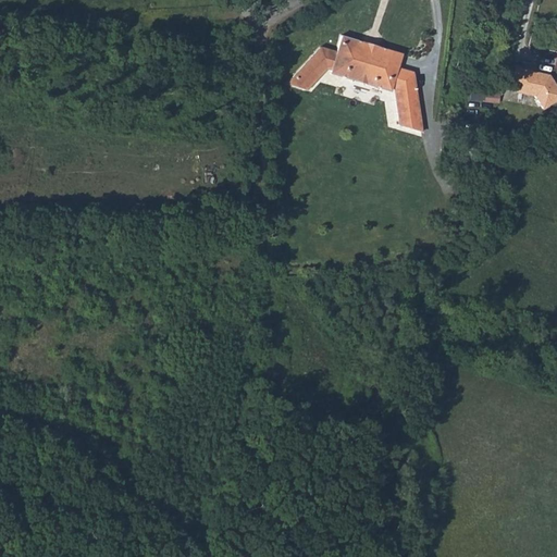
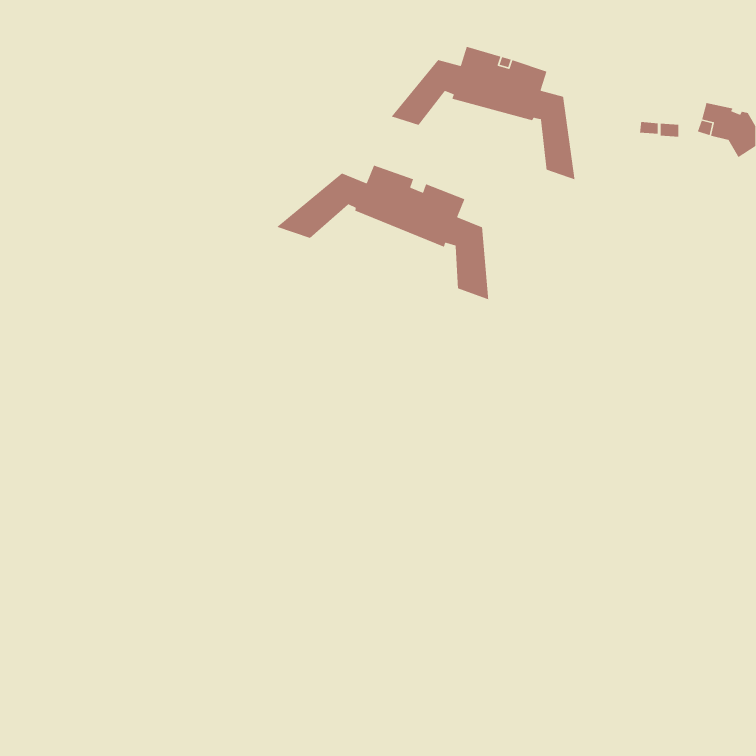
building: none -> [276,164,489,300]

